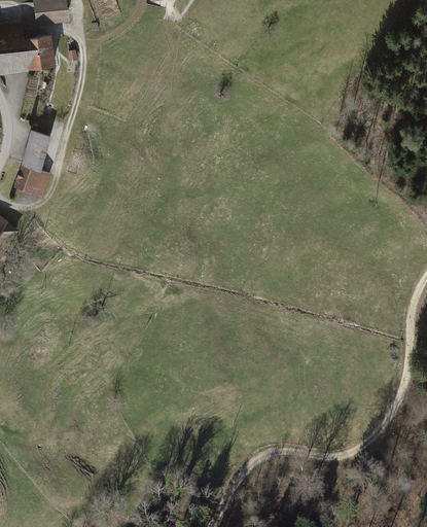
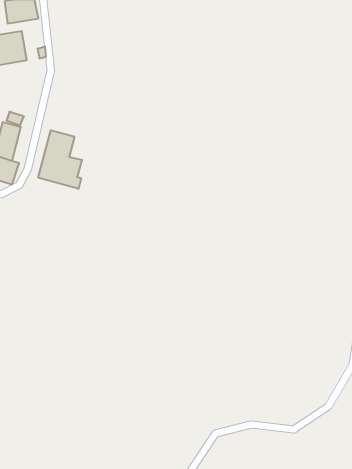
building: none -> [38,130,82,189]

